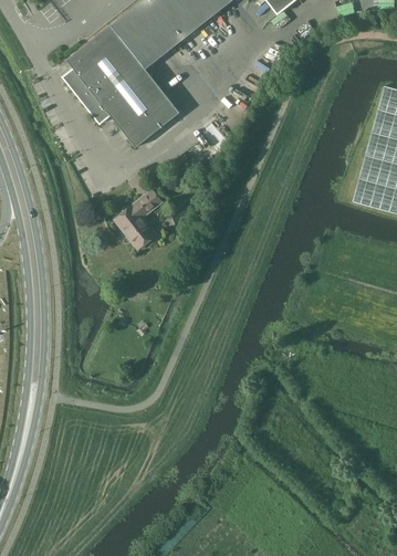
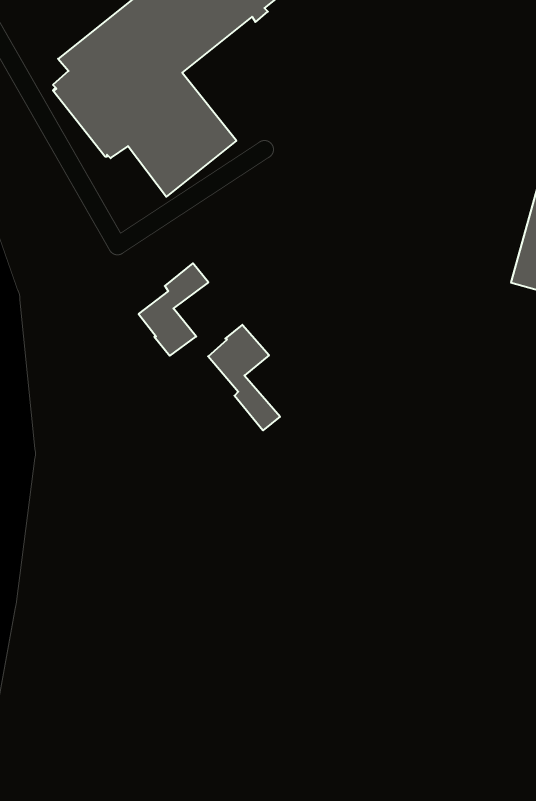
building: none -> [208,325,280,430]

